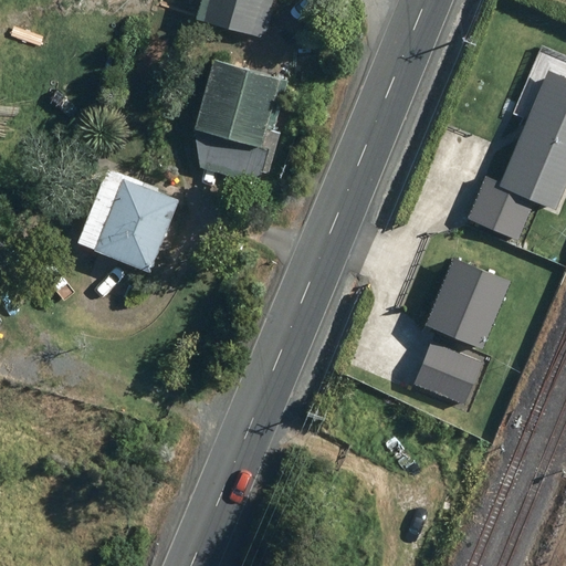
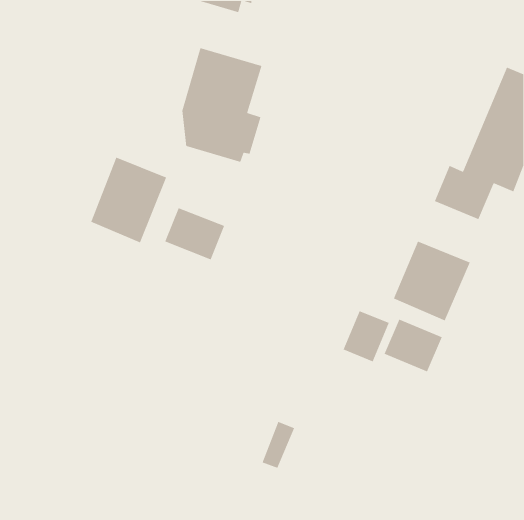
building: none -> [164,207,225,260]
building: none -> [343,310,390,362]

